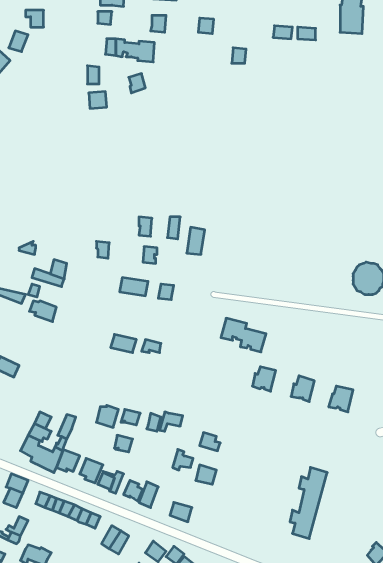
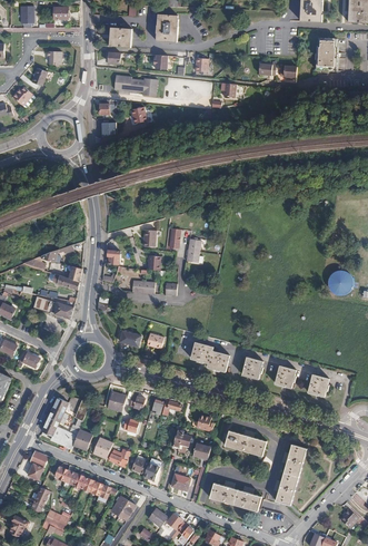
building: [221,318,266,352] -> [190,340,229,369]
building: none -> [222,430,266,456]
building: none -> [210,480,261,511]

